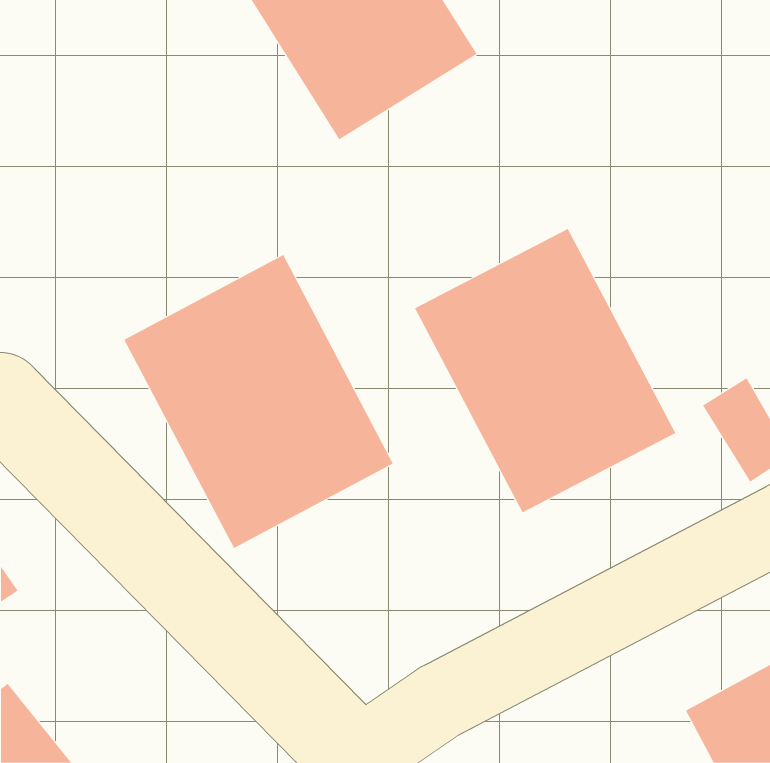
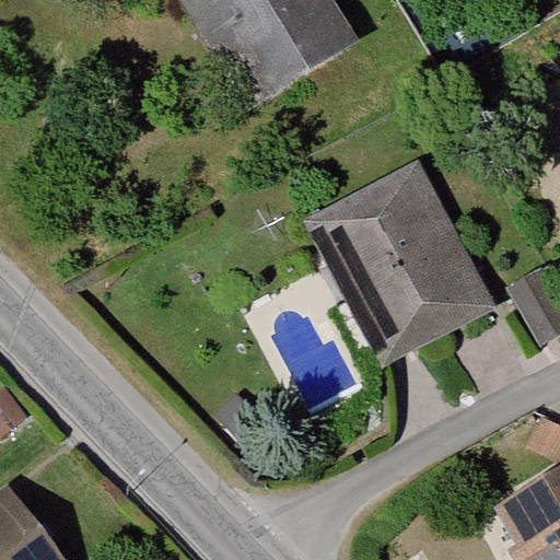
building: [124,254,394,549] -> none

